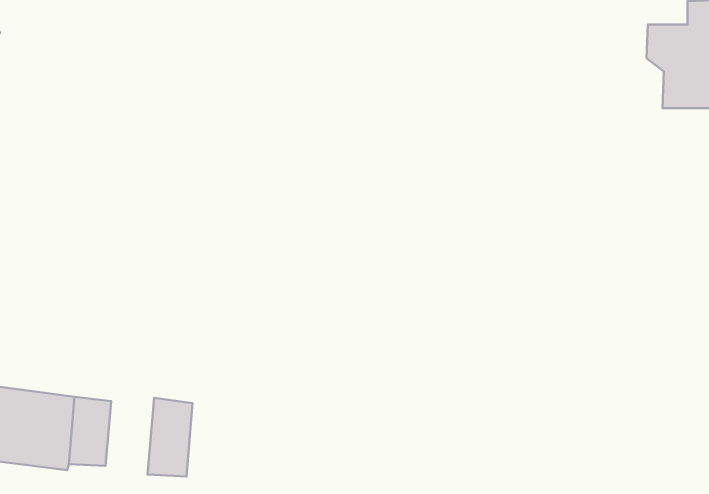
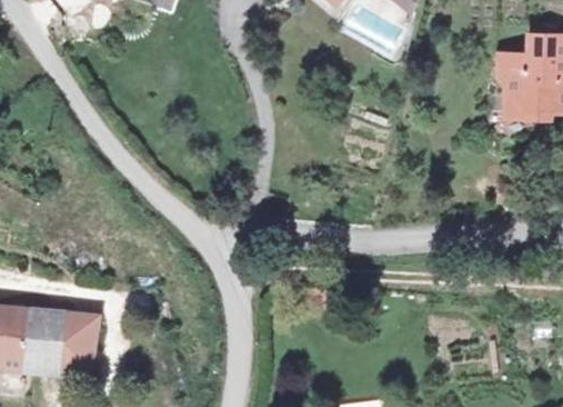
building: [147,398,193,477] -> none

